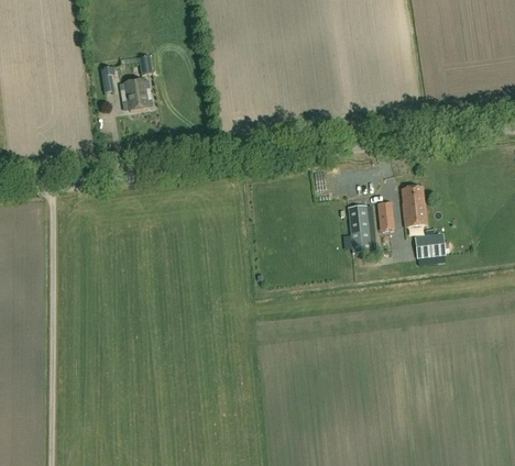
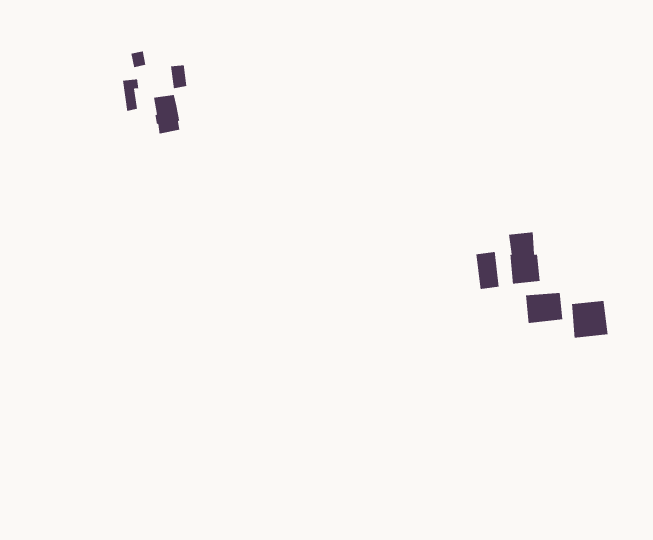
building: [348,206,371,252] -> none
building: none -> [571,300,608,338]

